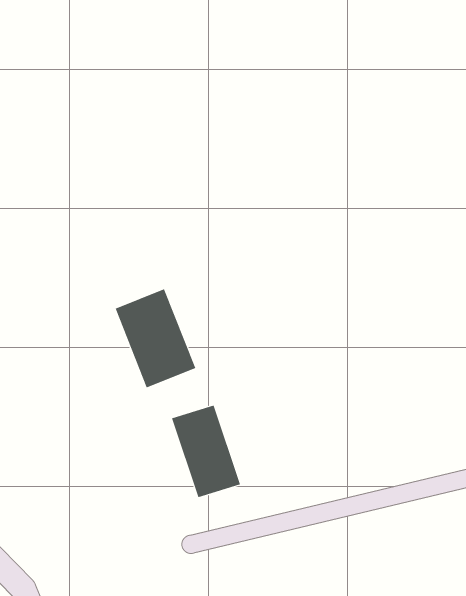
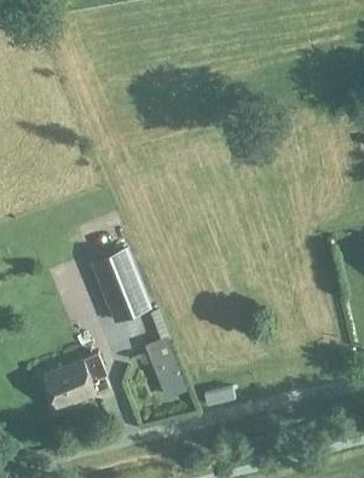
building: none -> [45,356,111,410]

